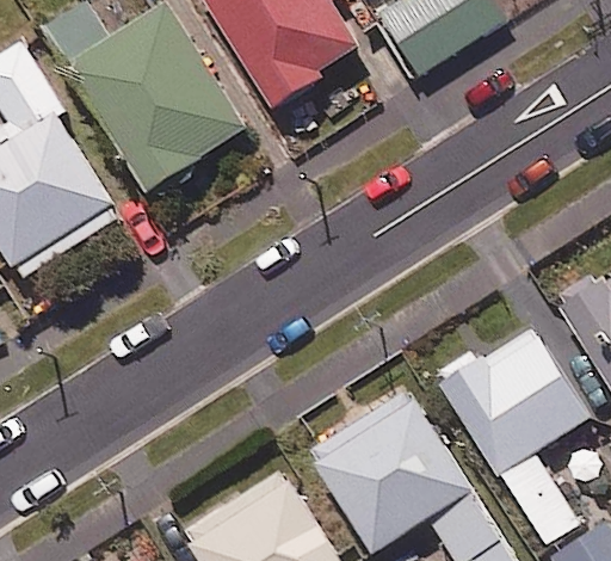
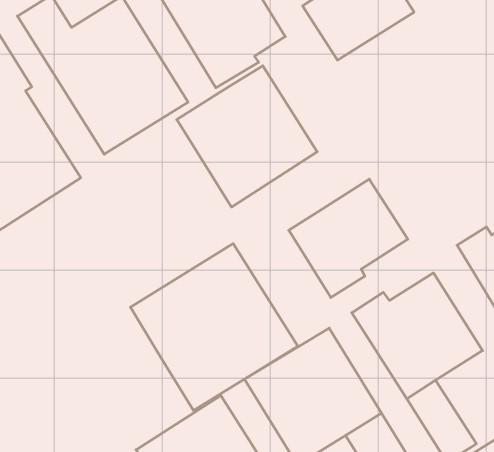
building: none -> [177,66,317,207]
building: none -> [289,179,408,298]
building: none -> [130,244,298,410]

